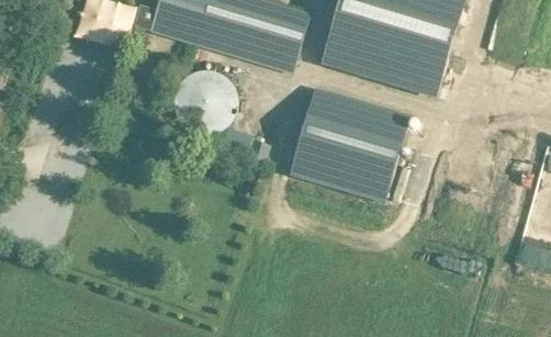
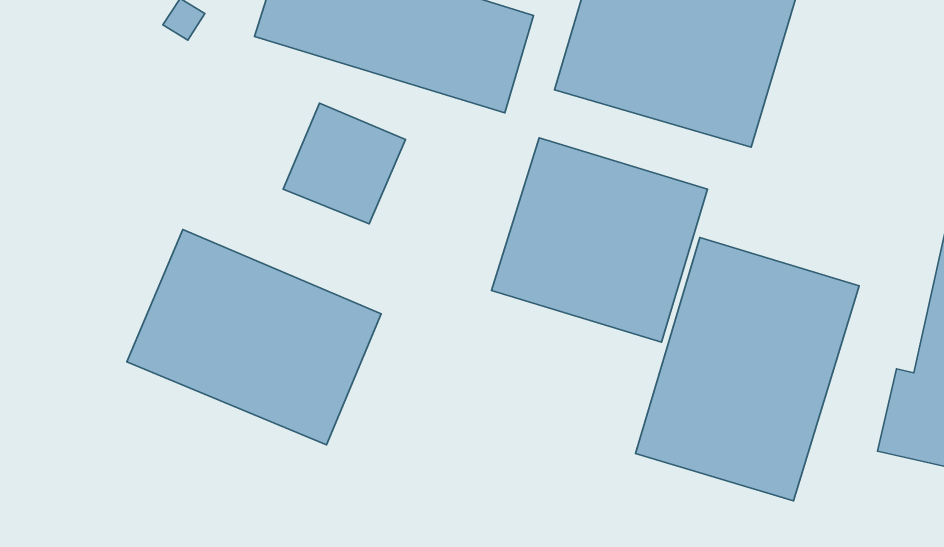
building: none -> [127,229,381,445]
building: none -> [635,237,859,501]

